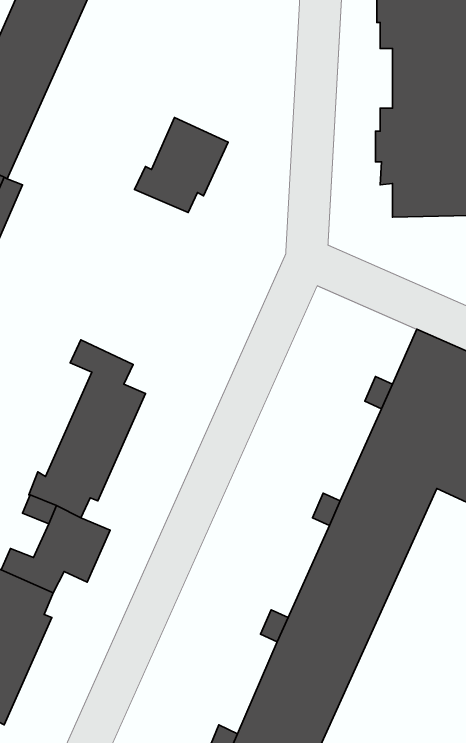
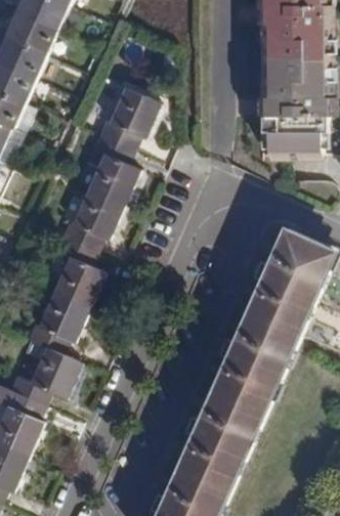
building: none -> [61,136,138,253]

